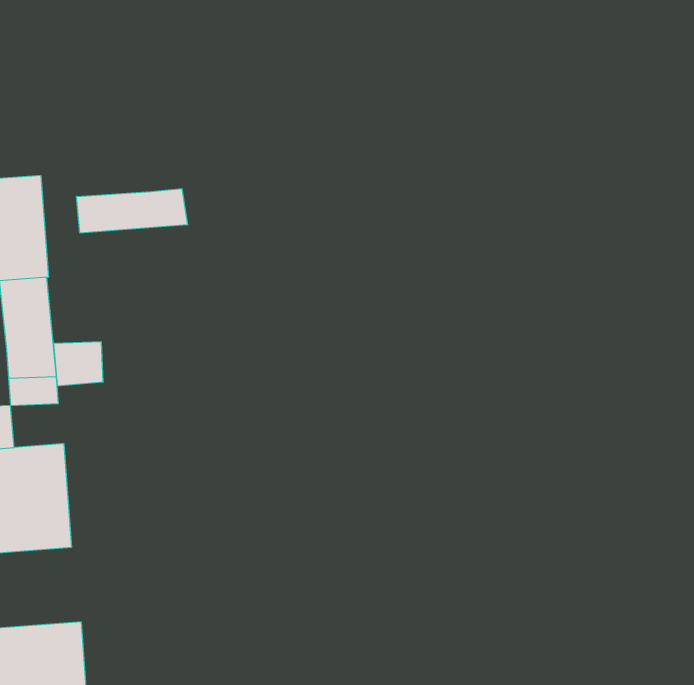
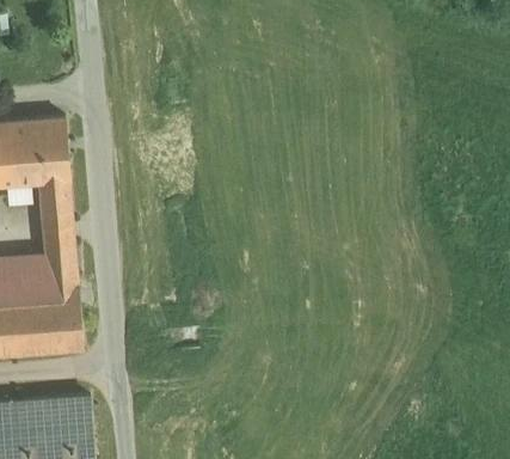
building: [76,189,188,233] -> none
building: [53,342,103,386] -> [44,259,75,287]

